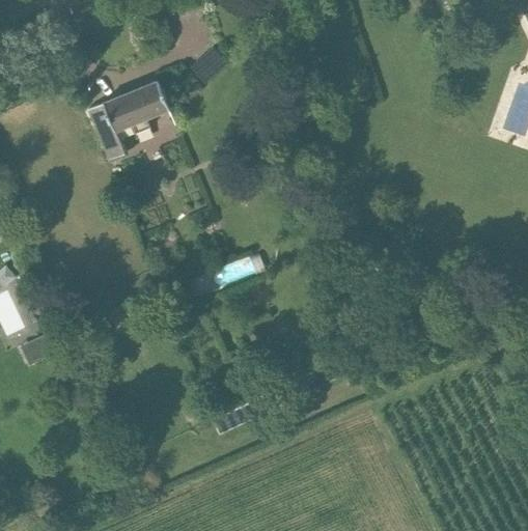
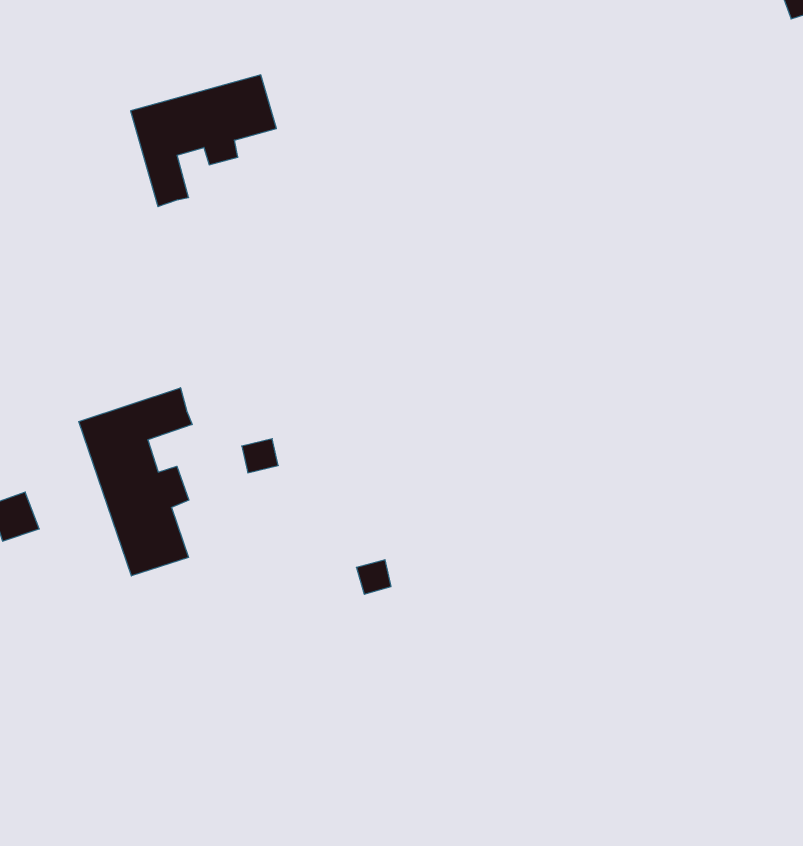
building: none -> [79,388,192,576]

